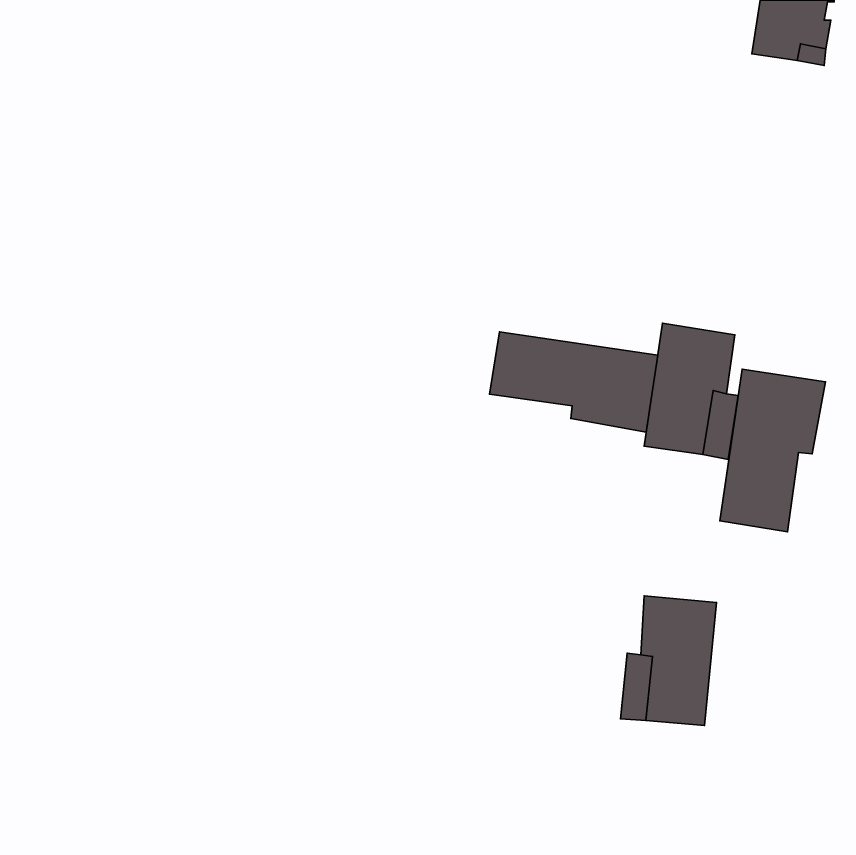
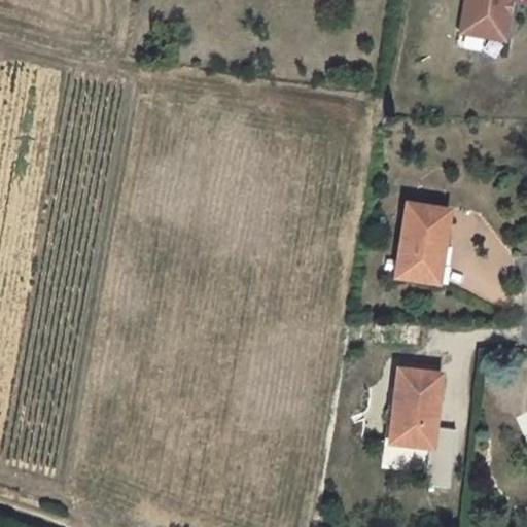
building: [489,332,658,432] -> none
building: [720,369,826,532] -> none

